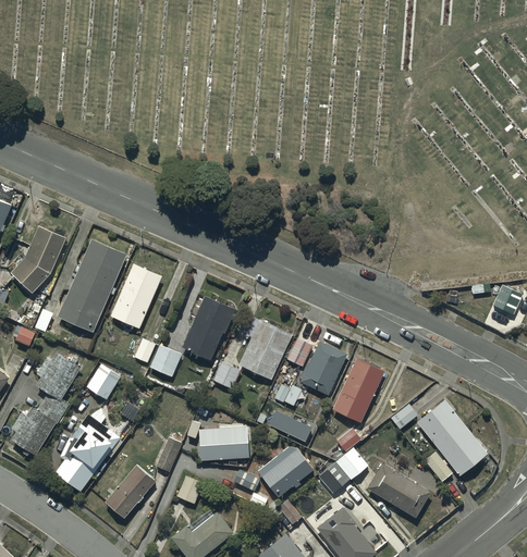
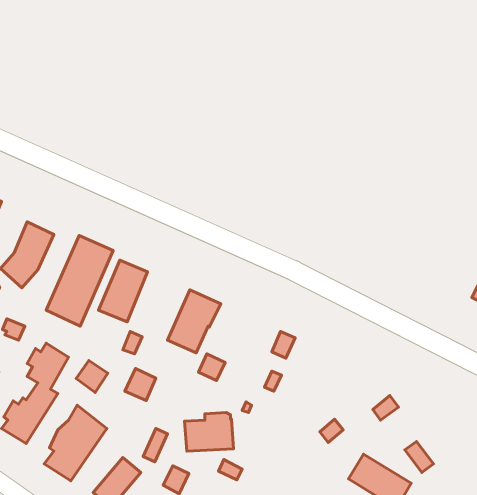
building: [237,319,292,380] -> none
building: [299,343,346,395] -> none
building: [149,344,181,376] -> [125,369,156,401]
building: [332,359,383,423] -> none
building: [417,400,488,478] -> none
building: [270,408,312,438] -> none
building: [257,447,312,497] -> none
building: [318,448,368,494] -> none

